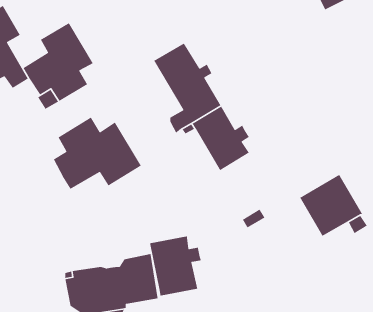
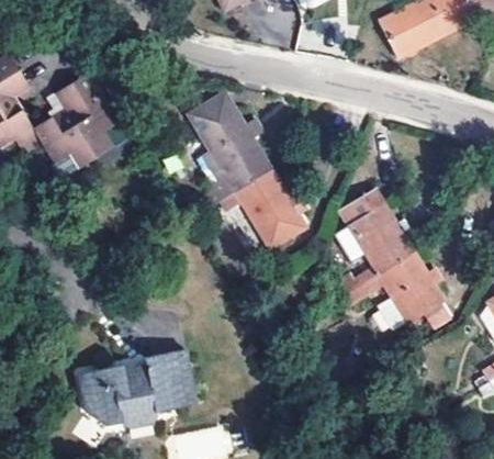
building: [53,117,142,190] -> none
building: none -> [334,187,414,294]
building: [149,235,202,297] -> none

